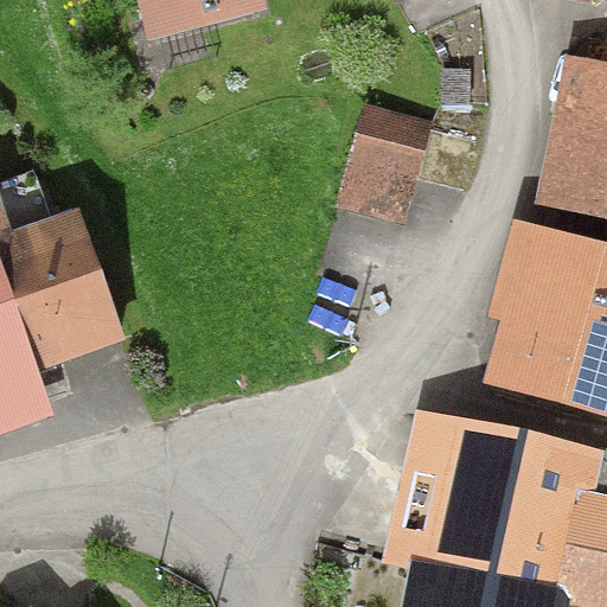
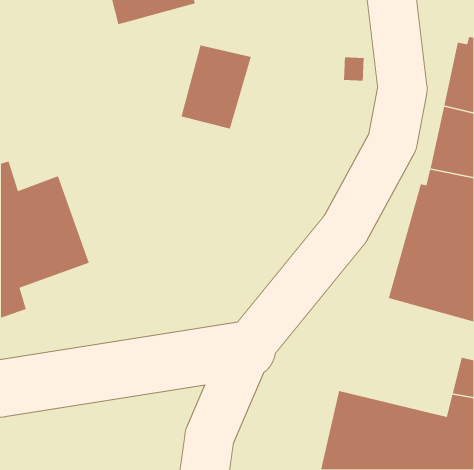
building: [334,114,426,223] -> [181,44,252,130]
building: [433,427,589,532] -> none

